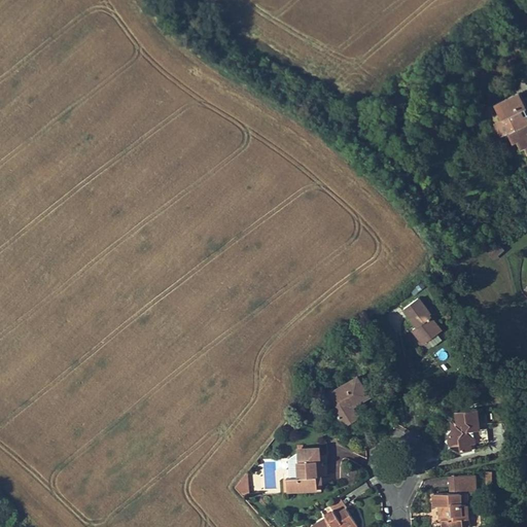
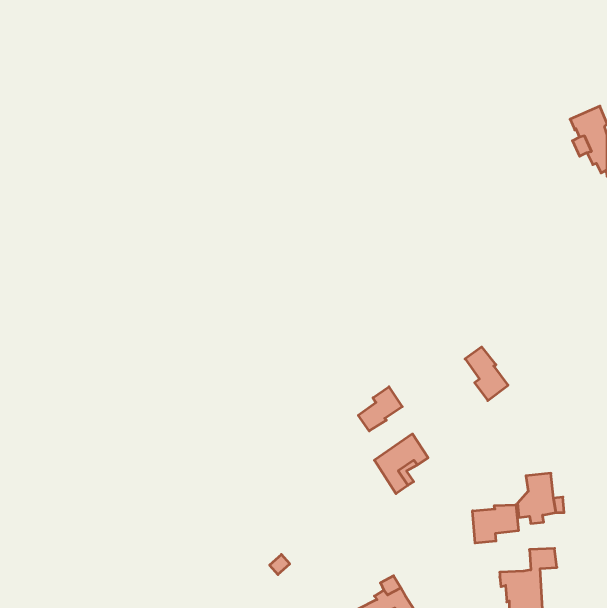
building: none -> [358,387,402,431]
building: none -> [473,505,518,543]
building: [285,450,319,493] -> none

